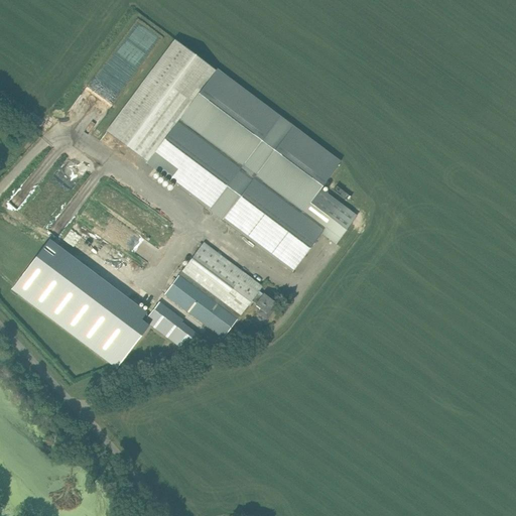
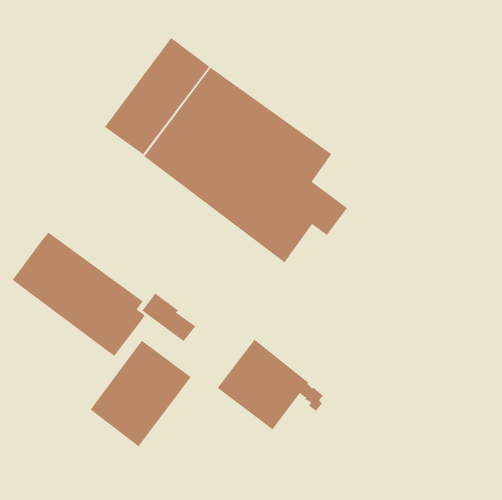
building: [165,242,275,336] -> [217,339,324,430]
building: none -> [90,340,191,447]

